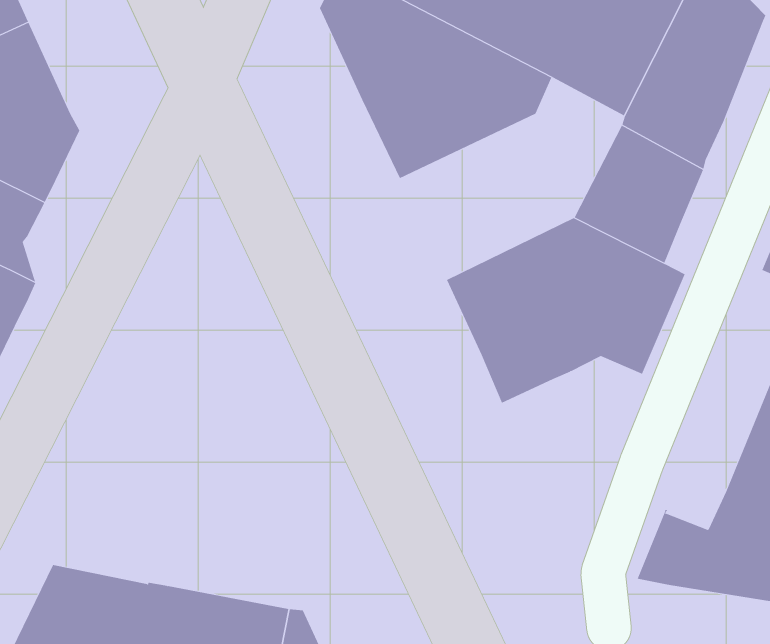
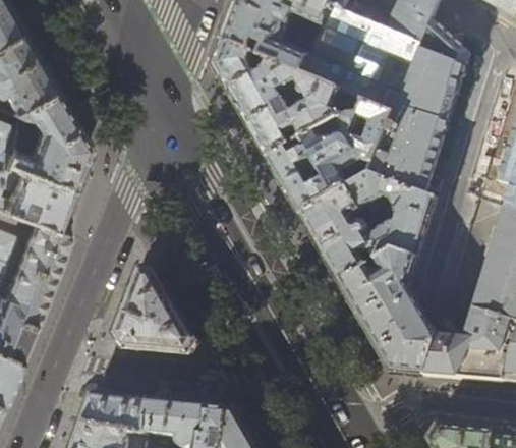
building: none -> [270,93,394,213]
building: none -> [115,266,197,352]
building: none -> [339,248,437,373]

